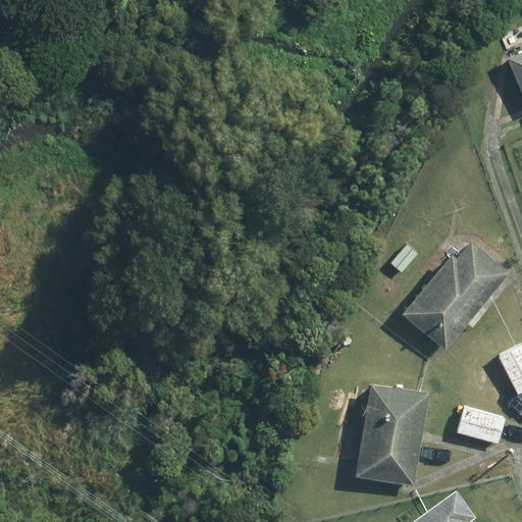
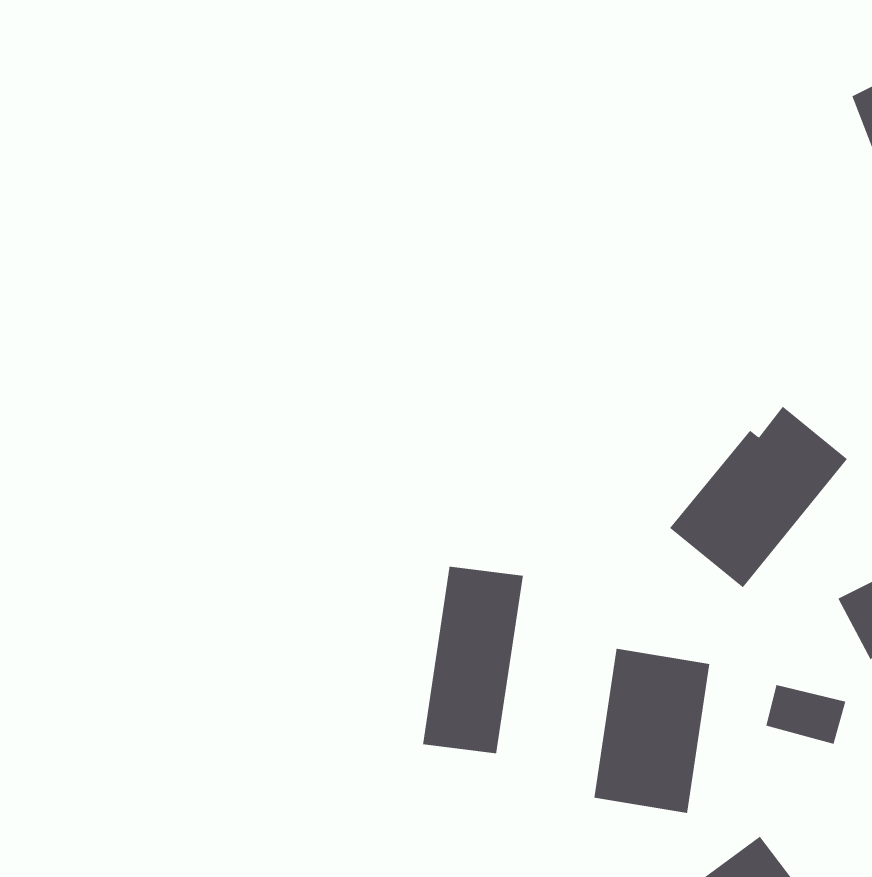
building: none -> [422,566,523,754]

